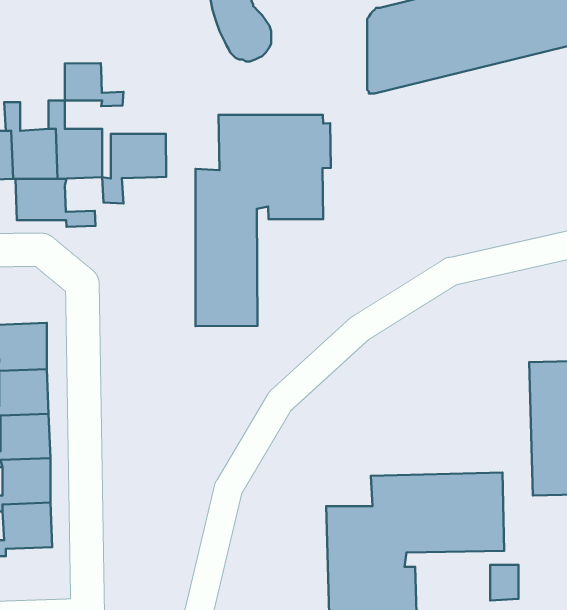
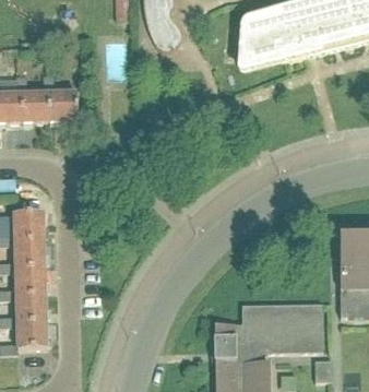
building: [65,63,123,106] -> none
building: [196,115,331,326] -> none
building: [102,134,166,203] -> none
building: [15,179,96,227] -> none

